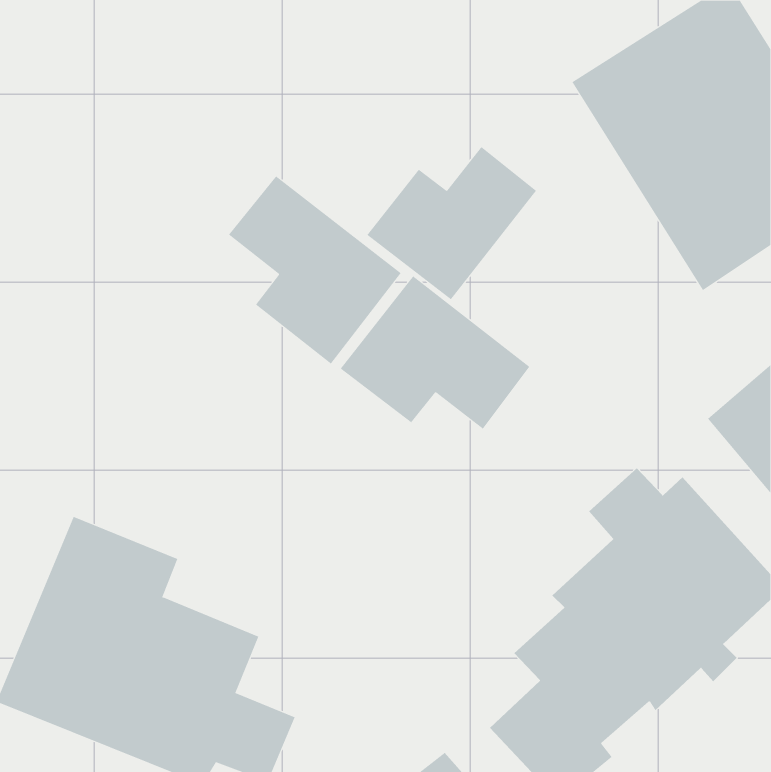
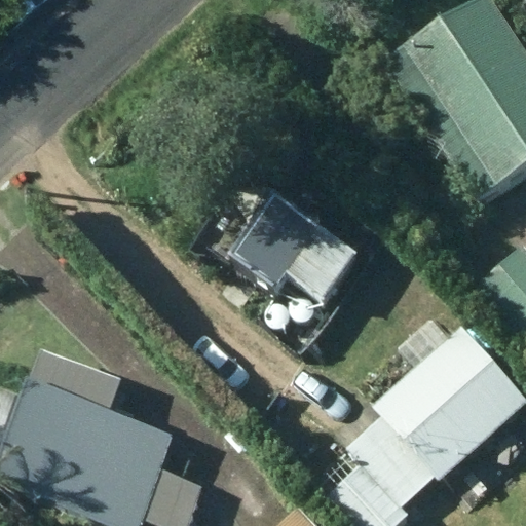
building: [366,146,537,300] -> none
building: [228,175,401,365] -> none

